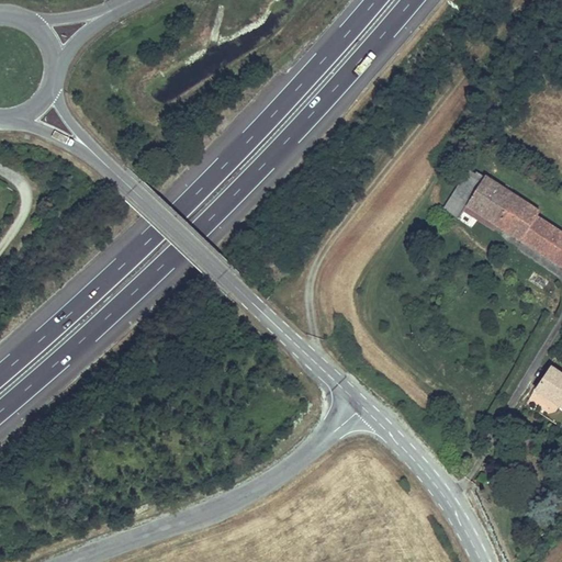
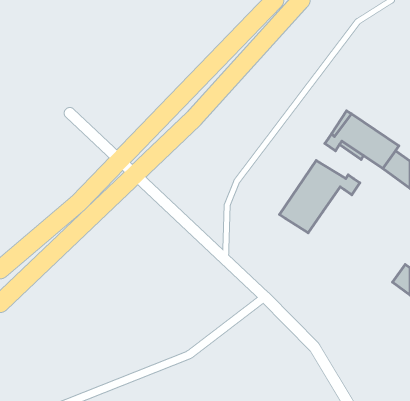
building: none -> [280,161,360,233]

